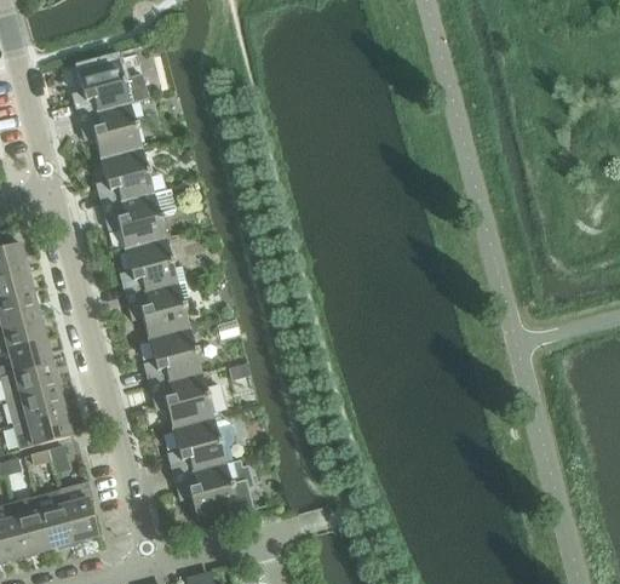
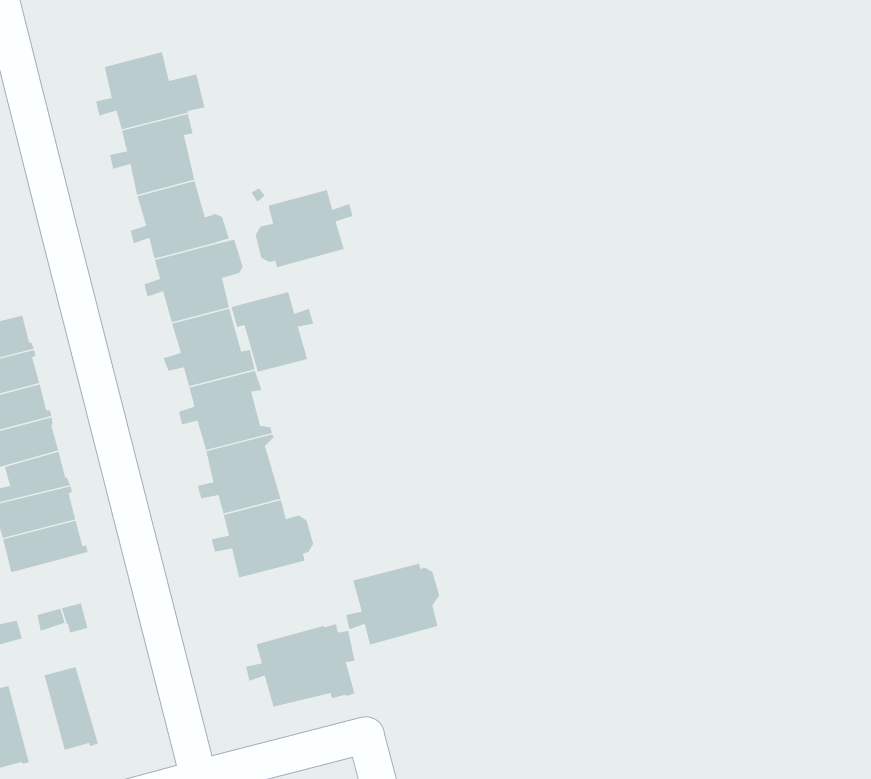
building: none -> [255,189,354,268]
building: none -> [231,291,314,372]
building: [12,410,71,450] -> none
building: [167,416,234,474] -> [345,563,440,646]
building: [58,481,98,544] -> none
building: [11,496,50,557] -> none

